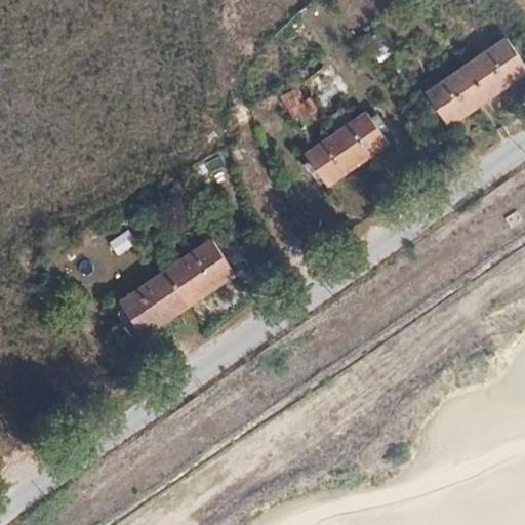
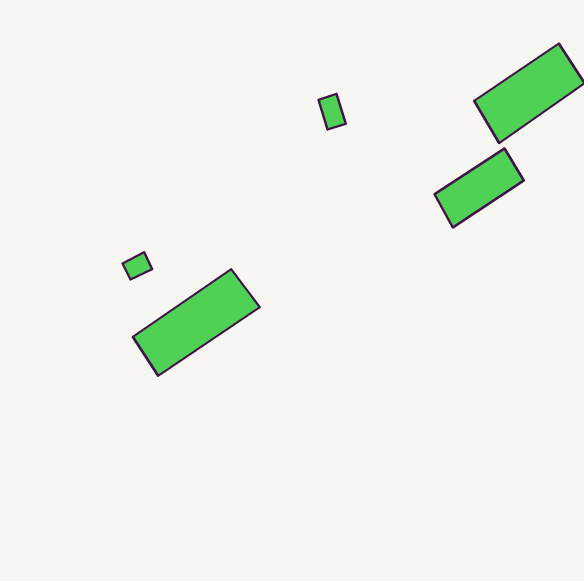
building: [307,115,387,186] -> [435,148,524,228]

